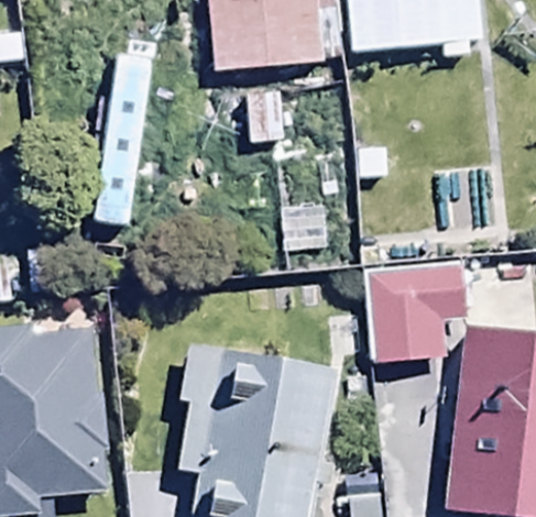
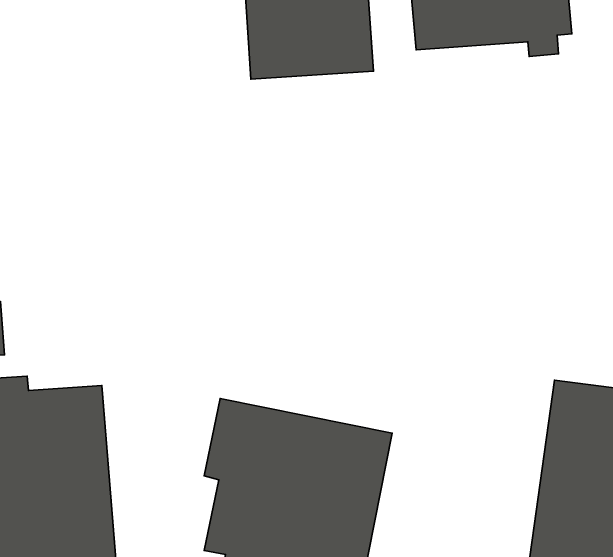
building: [365,263,466,362] -> none

